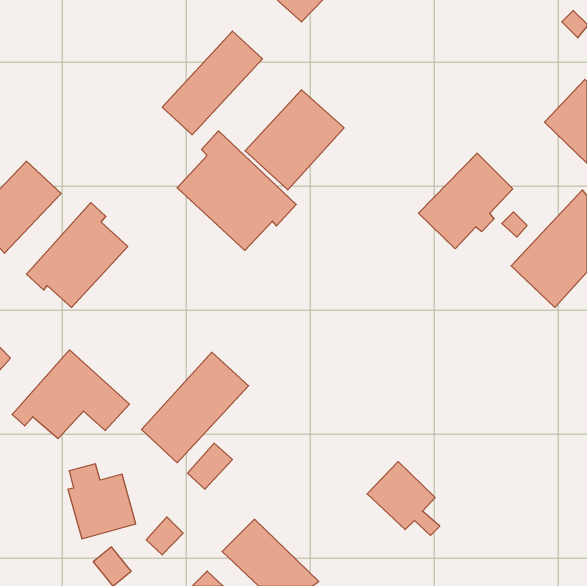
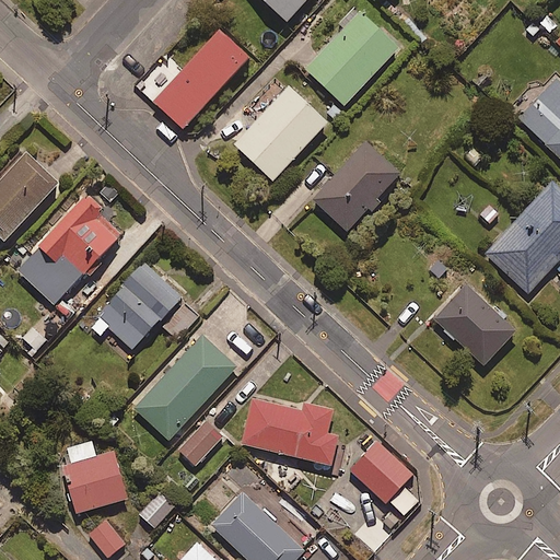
building: none -> [303,4,398,105]
building: [177,131,296,250] -> none
building: [418,153,513,249] -> [312,140,401,231]
building: none -> [432,283,515,365]
building: [12,350,129,439] -> [89,264,200,348]
building: none -> [242,397,338,465]

